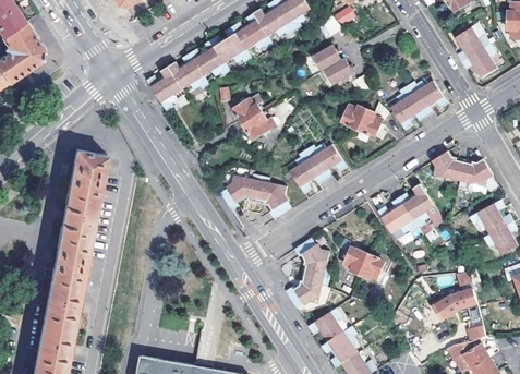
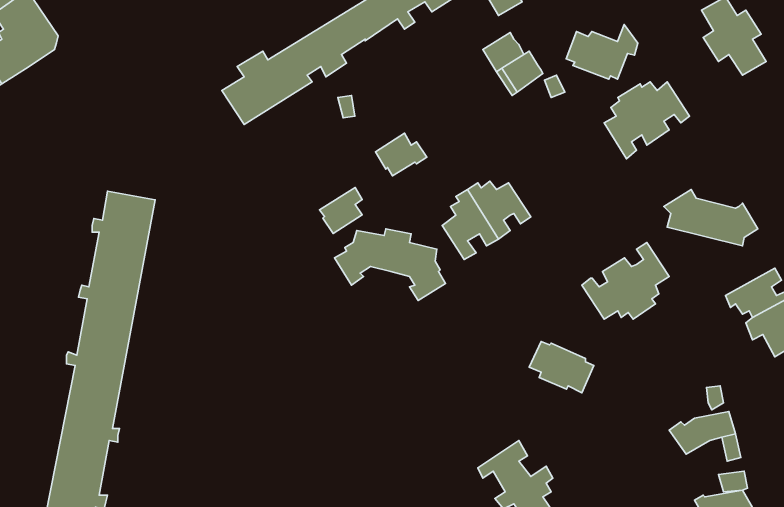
building: [238,96,265,125] -> [319,188,362,234]
building: [343,100,389,135] -> [566,25,638,79]
building: [287,237,332,309] -> none

